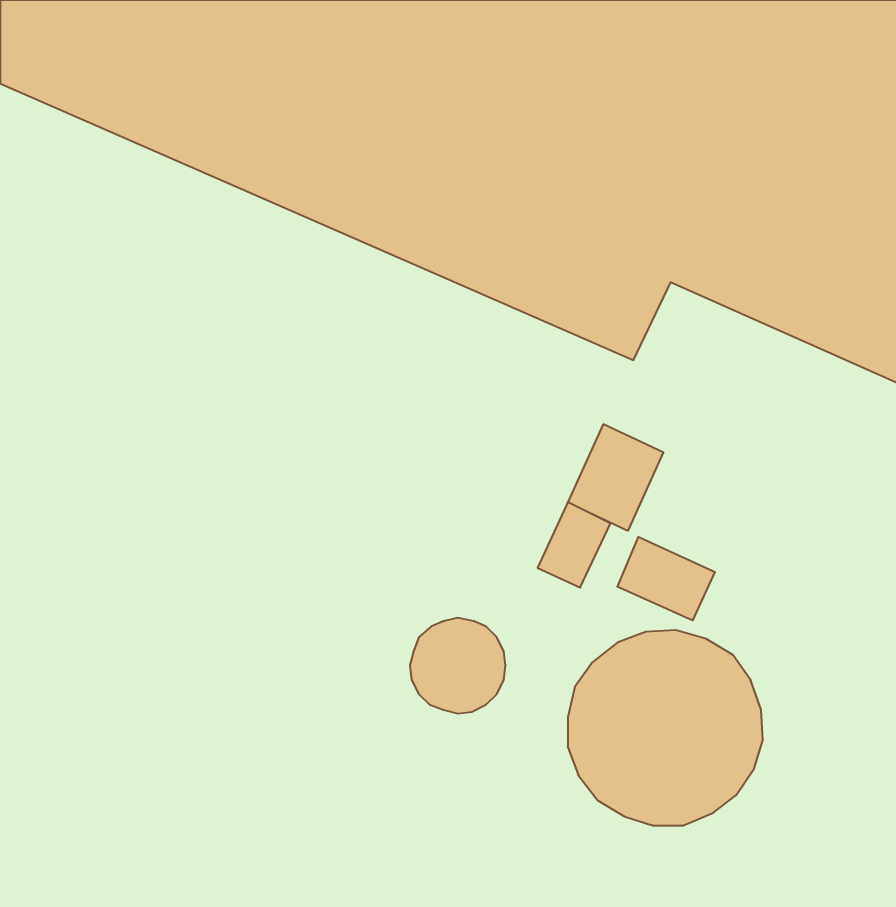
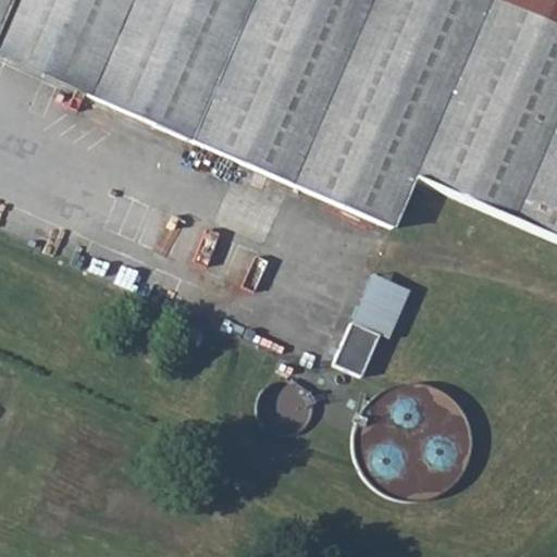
building: [617,537,715,620] -> none

